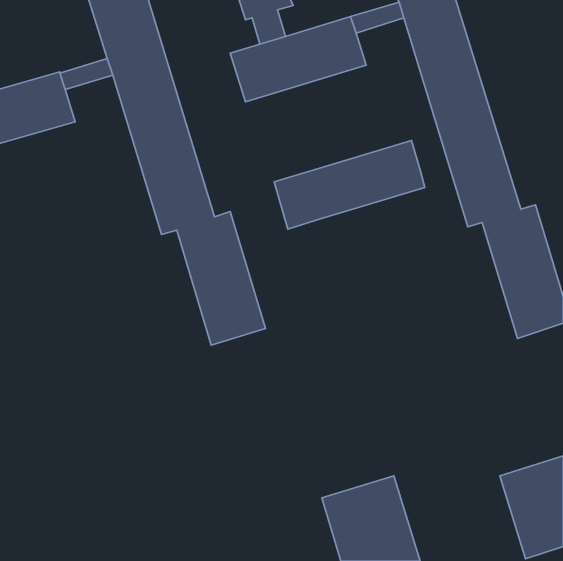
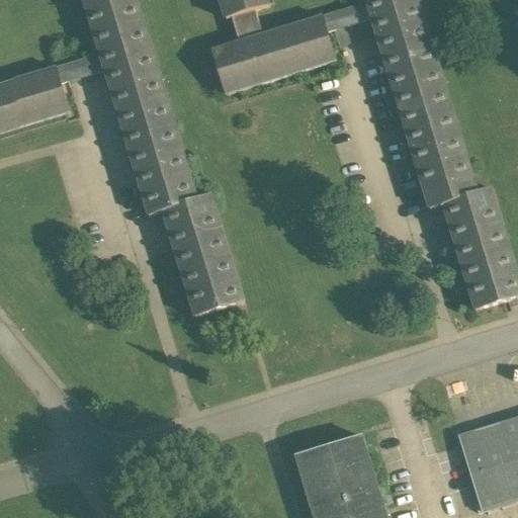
building: [274,140,425,229] -> none

